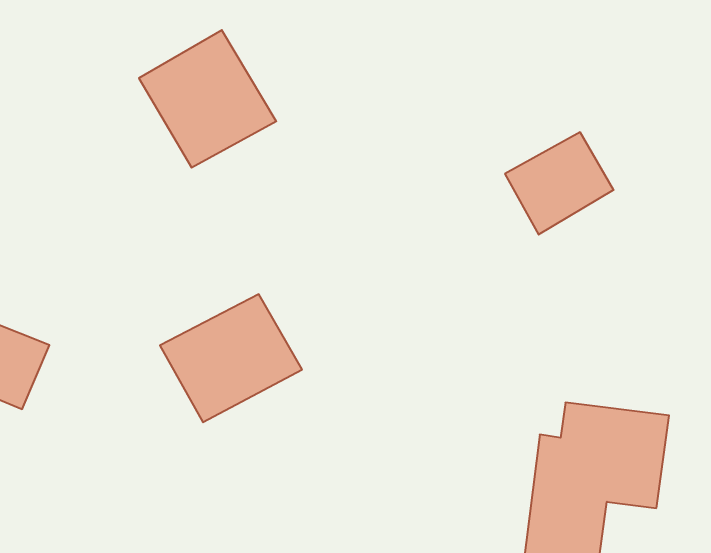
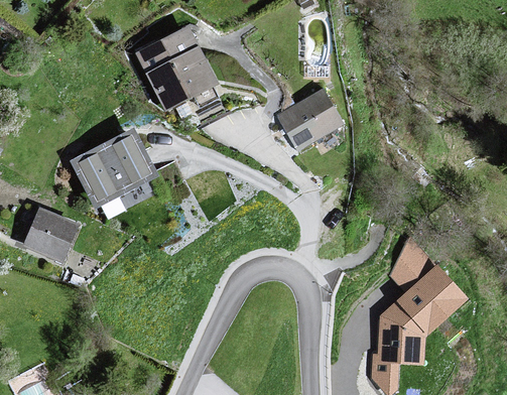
building: [505,132,614,235] -> [275,89,344,153]
building: [160,294,302,422] -> [68,131,157,212]

